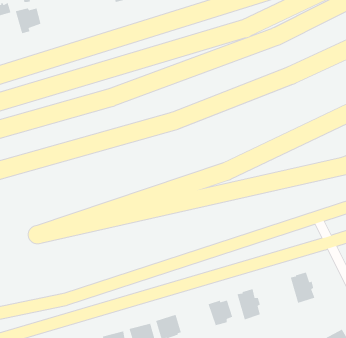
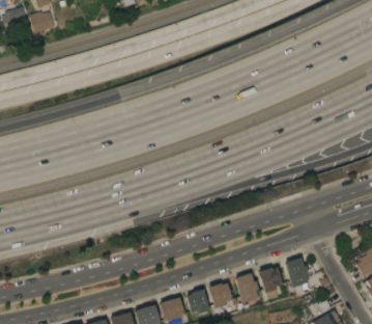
building: none -> [259,268,282,300]
building: none -> [187,289,210,314]

